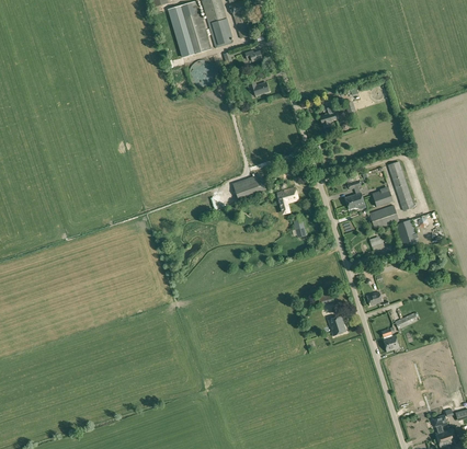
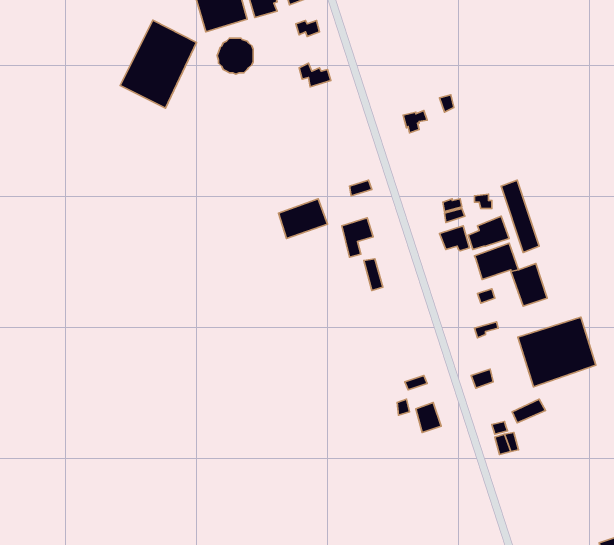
building: none -> [120,20,197,108]
building: none -> [518,317,596,387]

